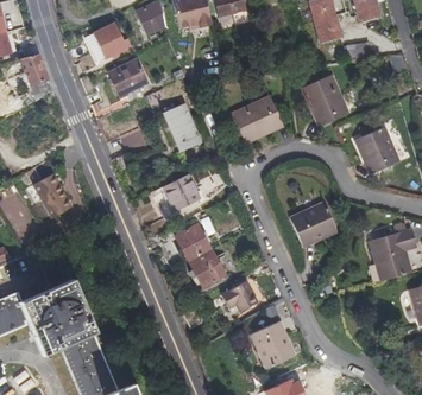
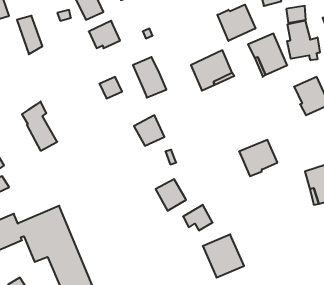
building: none -> [217,5,255,41]
building: none -> [287,21,320,60]
building: [175,224,212,262] -> none

